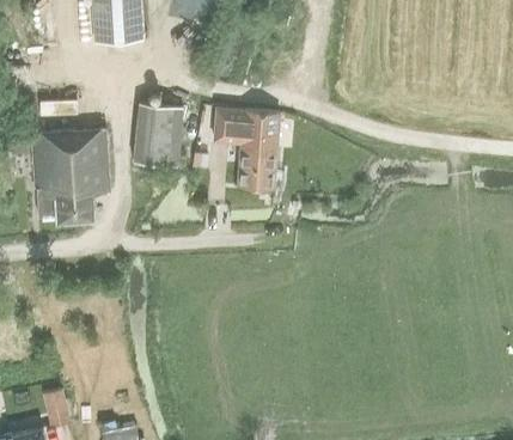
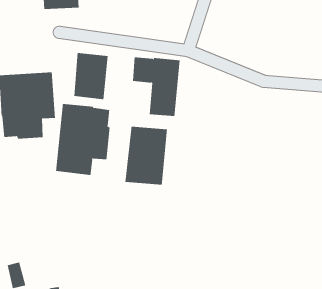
building: none -> [56,103,110,176]
building: none -> [125,126,167,185]

